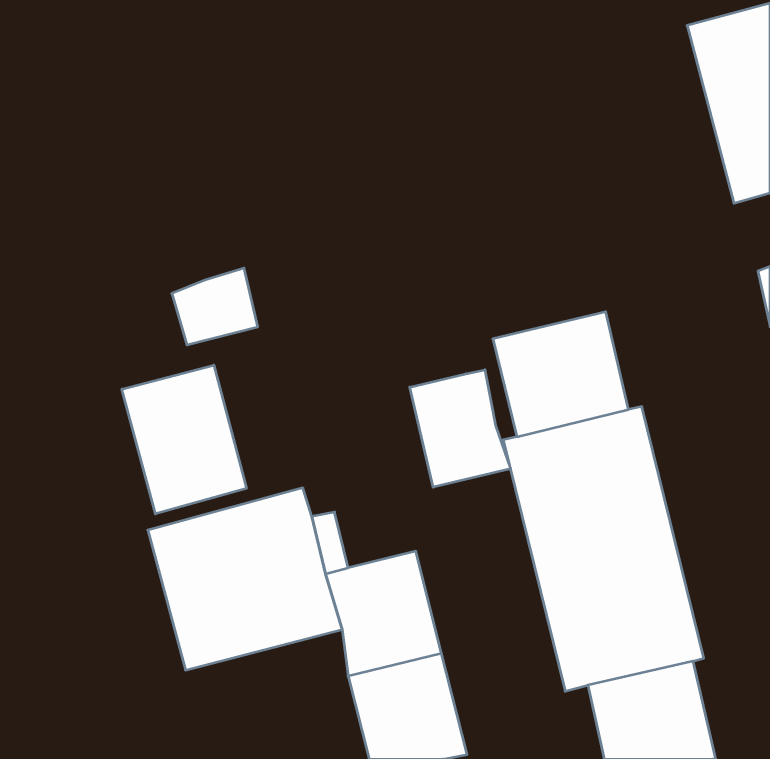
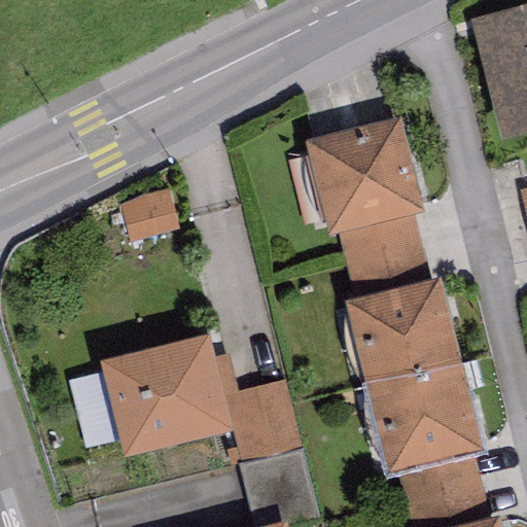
building: none -> [305,115,423,234]
building: [122,365,246,514] -> none
building: [410,370,510,487] -> none

